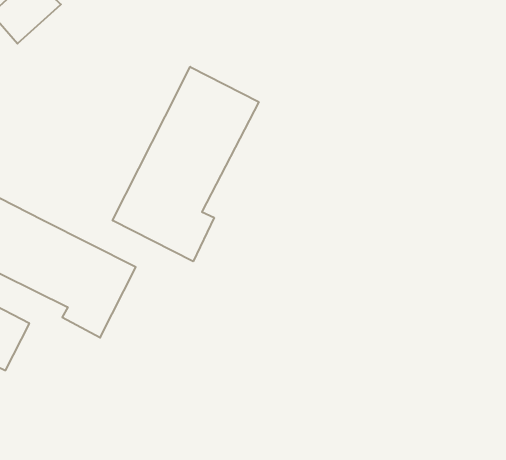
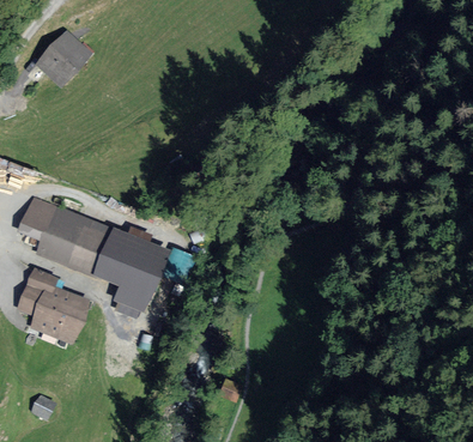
building: [113,67,259,261] -> none

